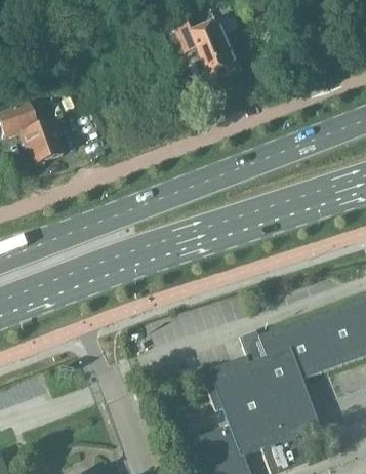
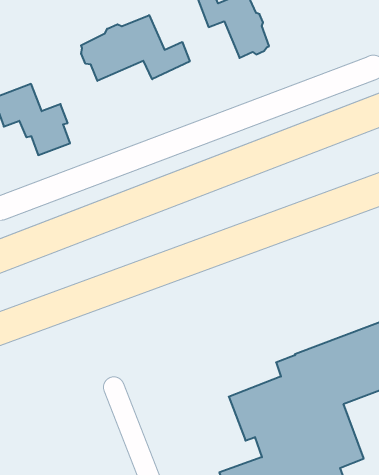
building: none -> [81,15,190,81]

